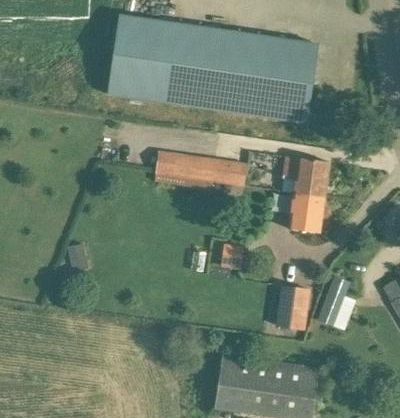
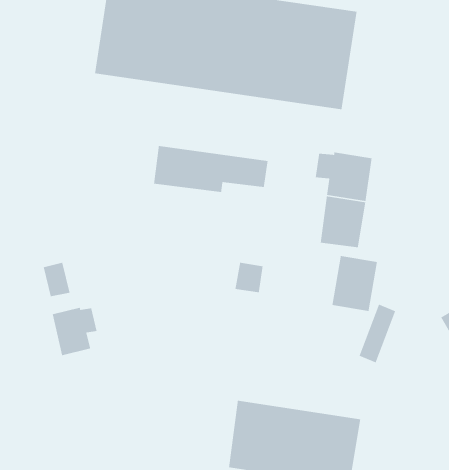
building: none -> [52,307,98,356]
building: [276,286,313,331] -> [332,255,378,312]

